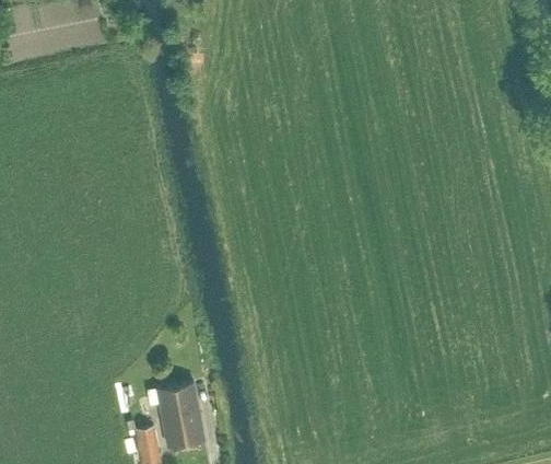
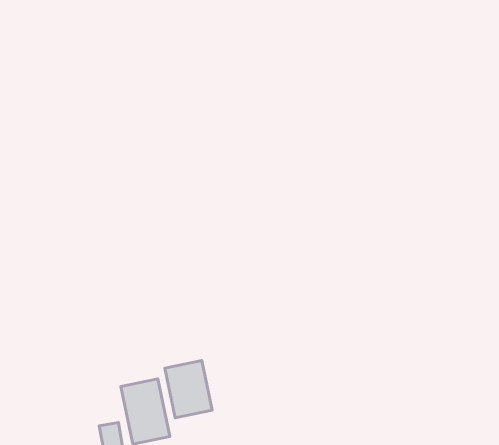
building: none -> [165,360,212,418]

